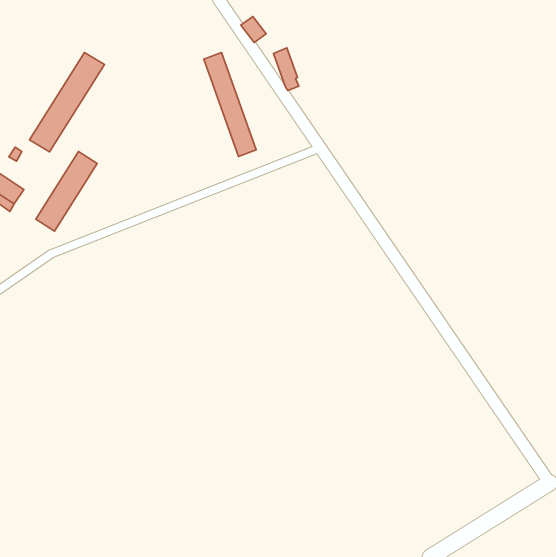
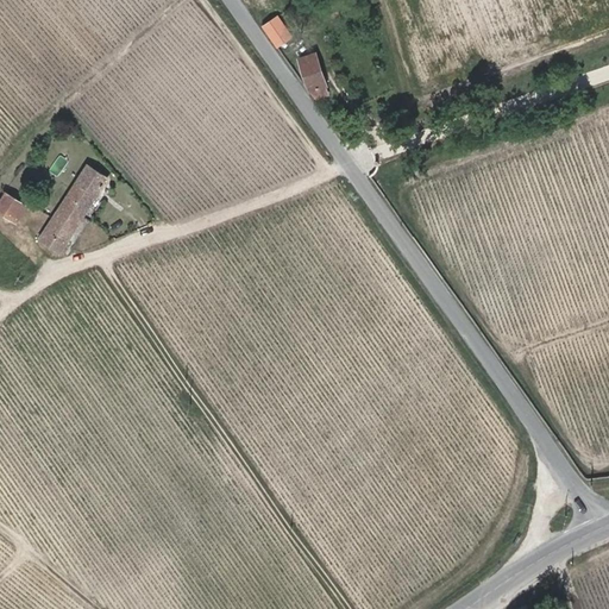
building: [29,52,104,152] -> none
building: [204,52,256,156] -> none

